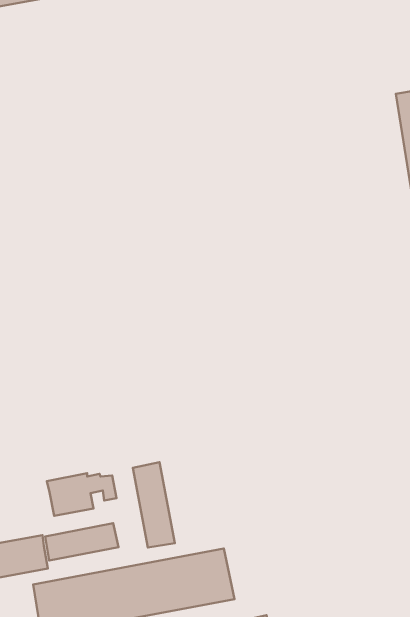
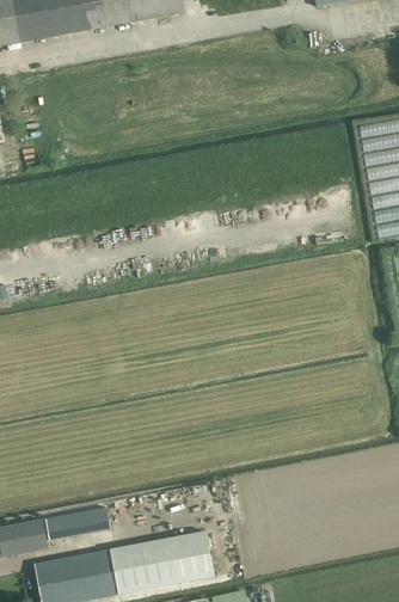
building: [133,462,175,547] -> none
building: [47,473,116,516] -> none

